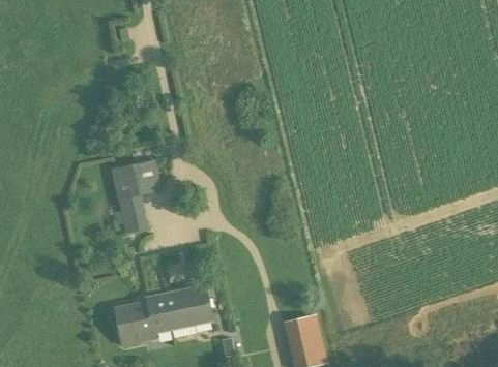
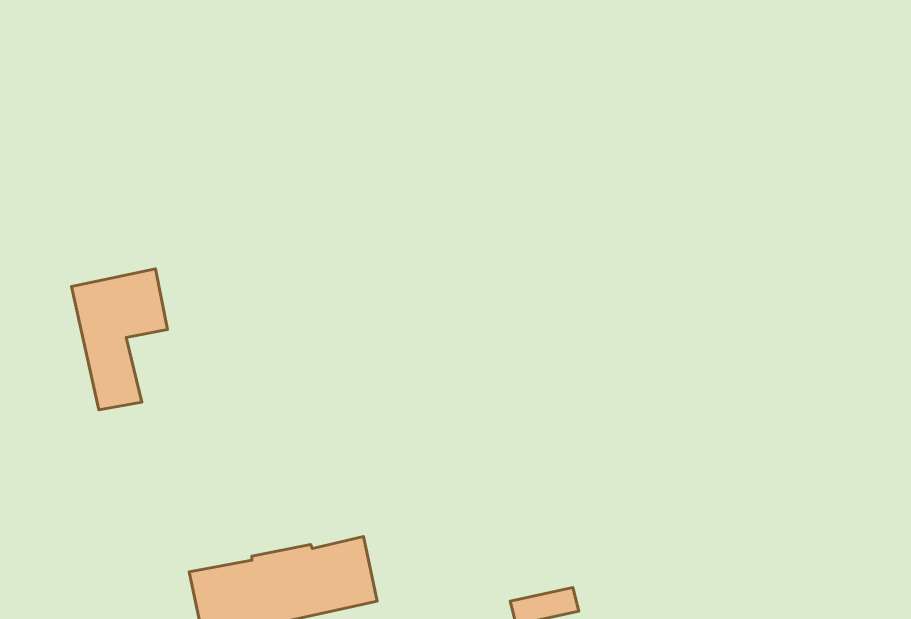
building: [112,159,163,234] -> [71,269,167,410]

